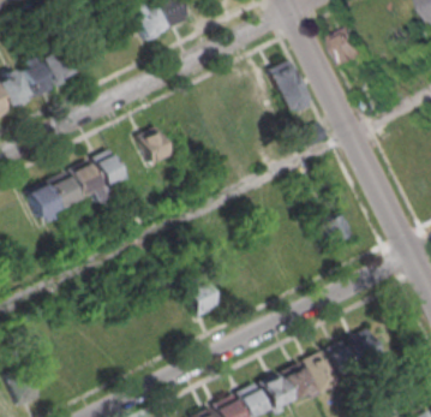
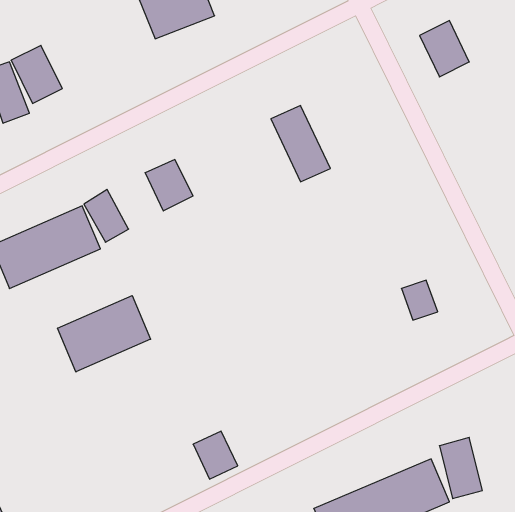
building: [270,58,313,113] -> [271,106,330,182]
building: none -> [58,296,151,372]
building: [187,281,220,316] -> [193,431,238,479]

